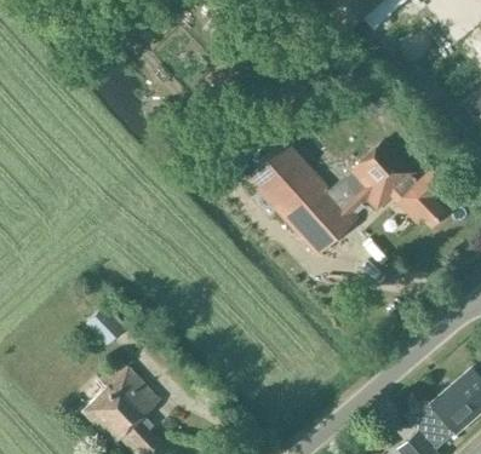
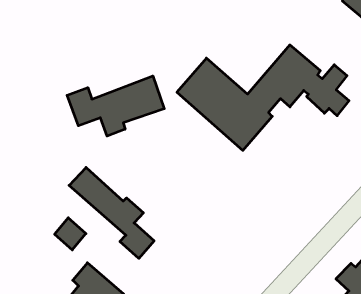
building: none -> [67,76,164,136]
building: none -> [69,167,154,258]

